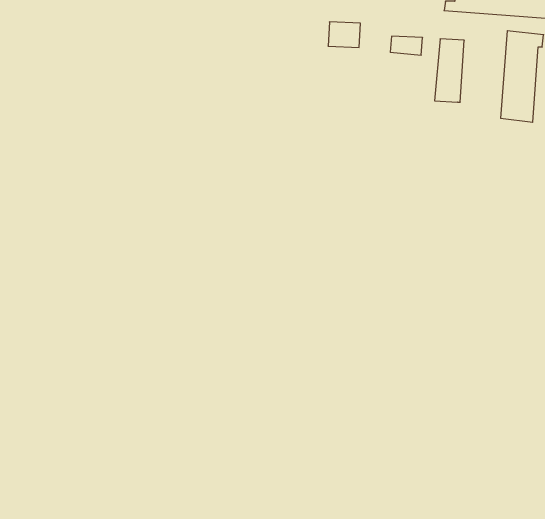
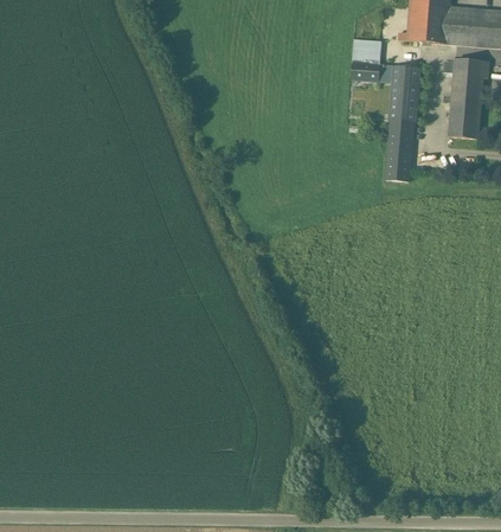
building: [328,22,360,47] -> [352,38,380,60]
building: none -> [385,118,410,179]

